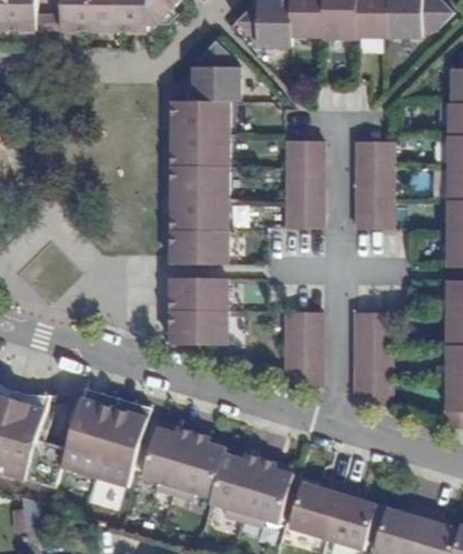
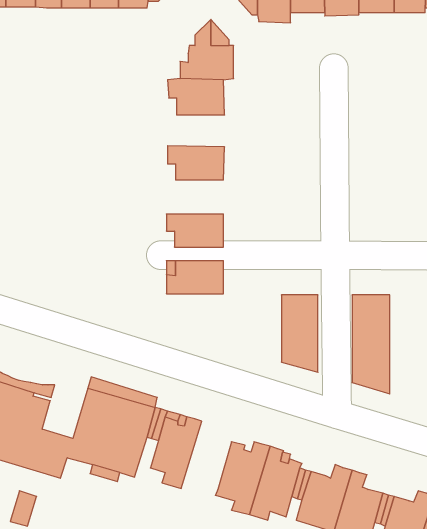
building: [170,135,225,167] -> none
building: [282,142,319,230] -> none
building: [351,142,389,230] -> none
building: [169,199,224,232] -> none
building: [169,310,224,341] -> none
building: [183,434,233,505] -> none

